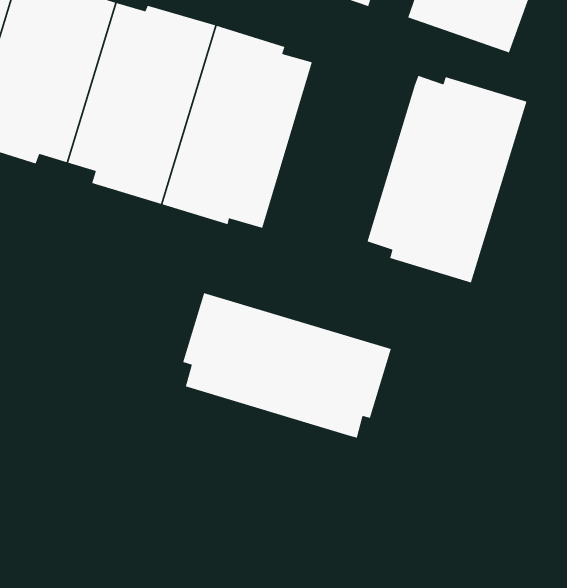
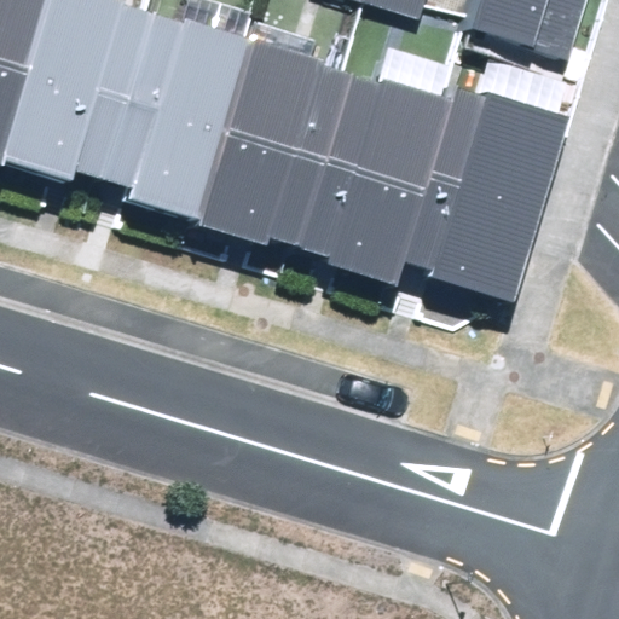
building: none -> [301,75,455,284]
building: [182,292,392,438] -> none

